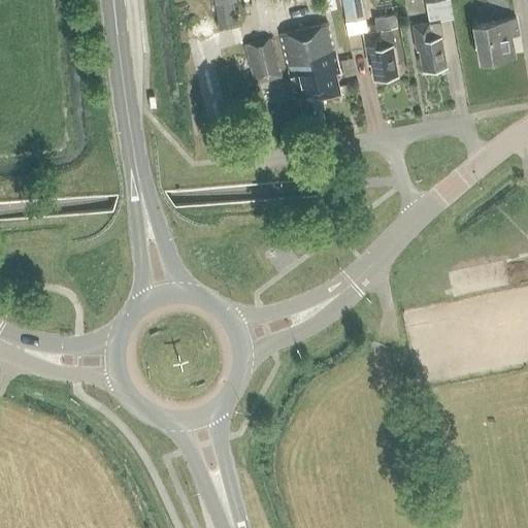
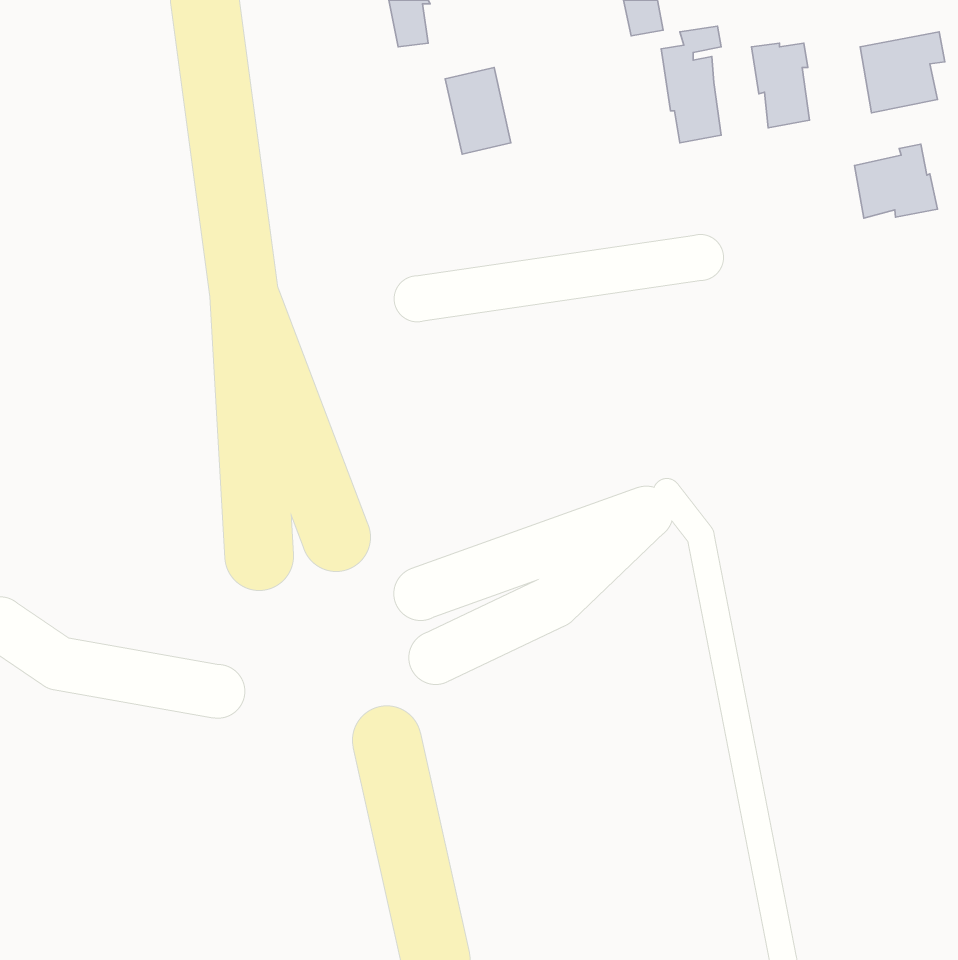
building: [279,23,340,111] -> none
building: none -> [855,144,937,218]

